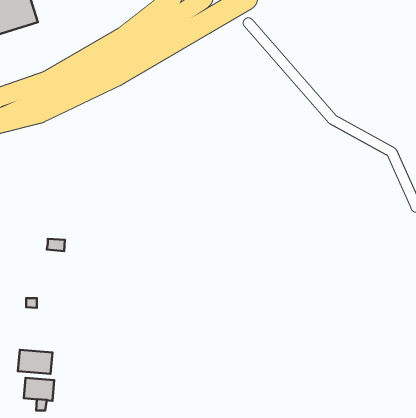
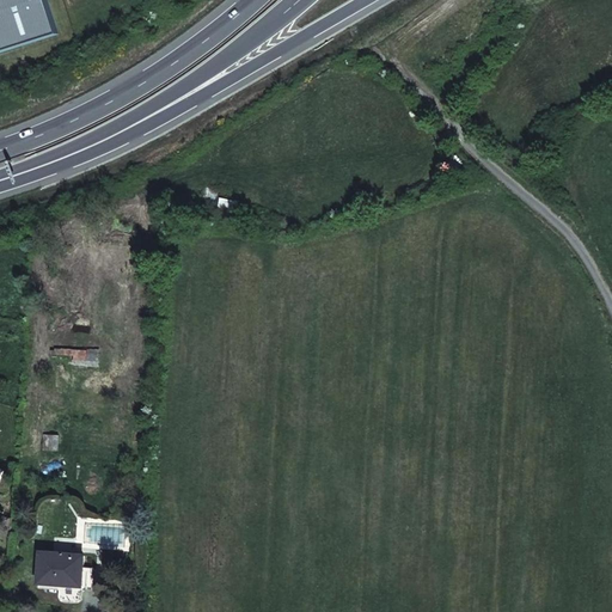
building: [18,350,53,374] -> none

